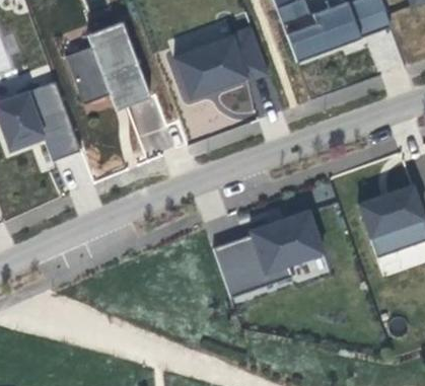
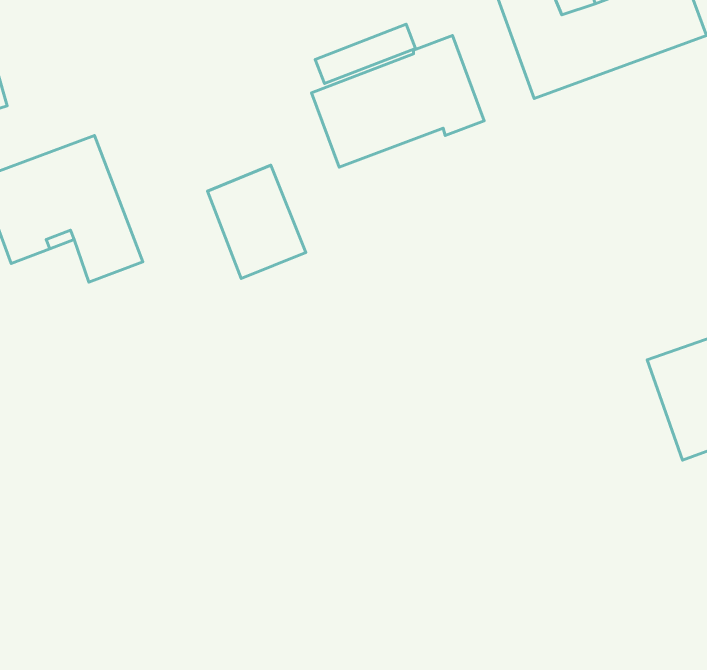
building: [66,22,150,105] -> none
building: [213,210,323,298] -> none

